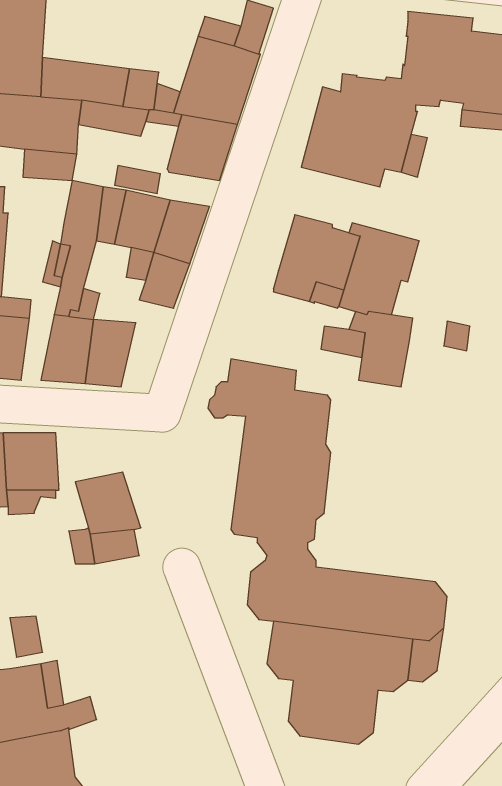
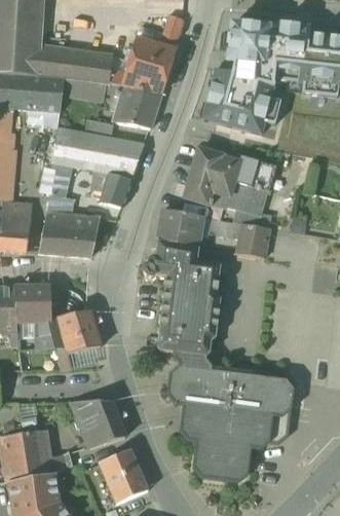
building: none -> [227,22,268,64]
building: none -> [157,208,204,246]
building: none -> [34,319,66,347]
building: none -> [71,400,125,446]
building: none -> [99,447,148,502]

